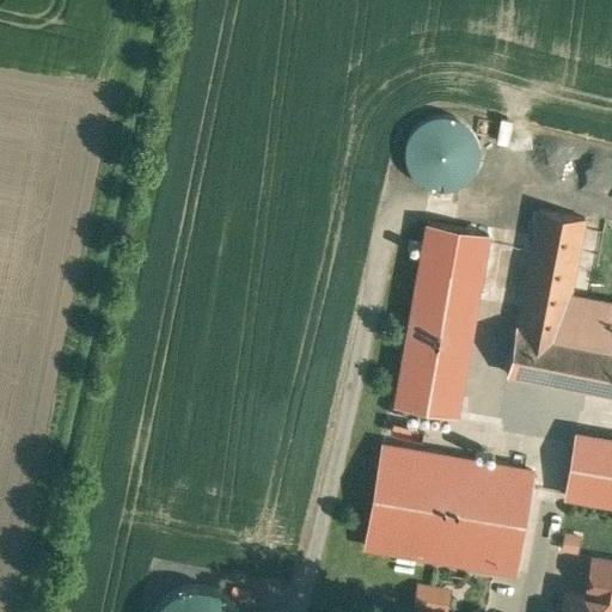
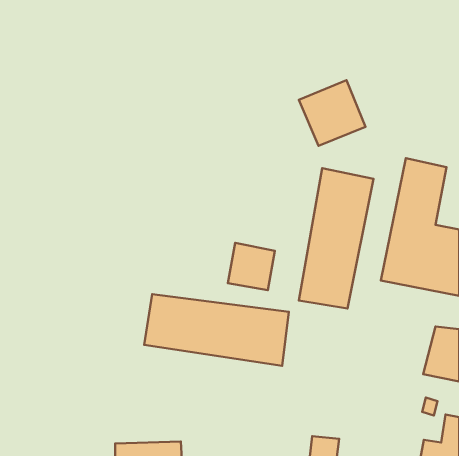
building: none -> [228,243,275,290]
building: none -> [144,294,289,366]
building: [367,447,540,574] -> none

